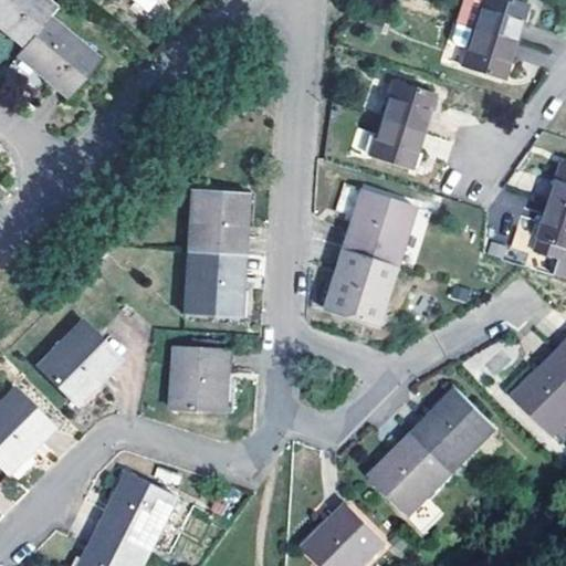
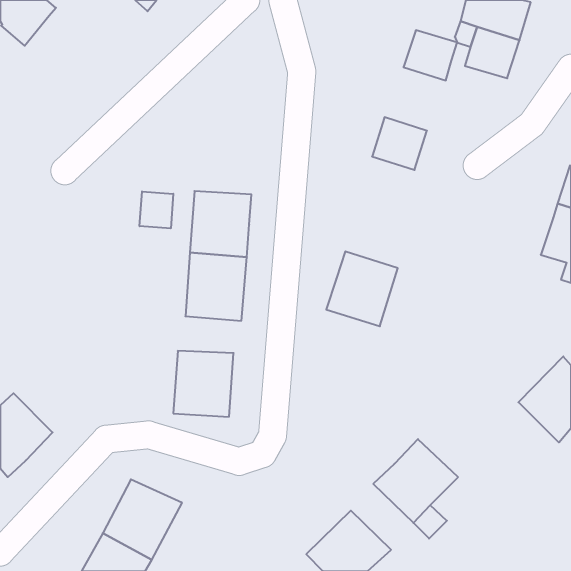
building: [20,15,99,96] -> none
building: [380,80,433,129] -> [403,30,457,80]
building: [329,181,413,265] -> none
building: none -> [140,191,173,228]
building: [36,321,120,403] -> none
building: [413,390,497,472] -> none

